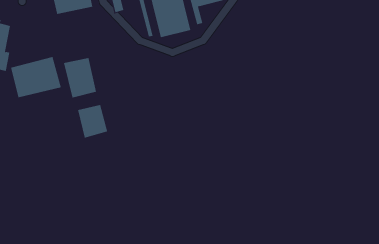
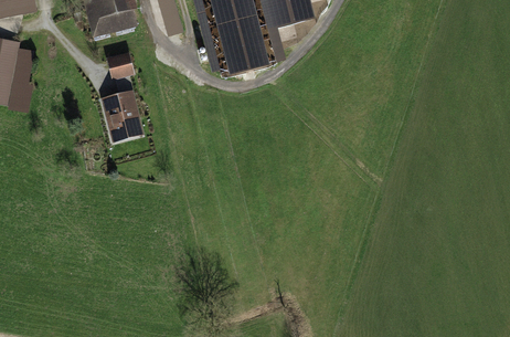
building: none -> [107,51,135,76]
building: [11,56,62,98] -> none
building: [78,104,108,138] -> none

